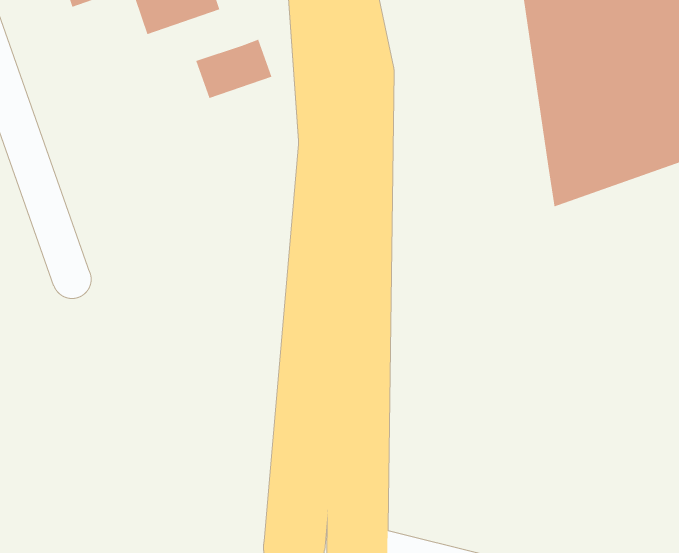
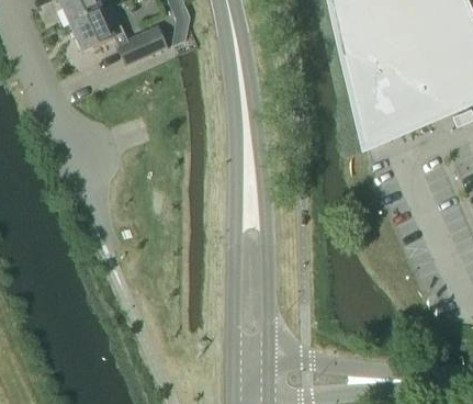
building: [196,39,272,99] -> none

